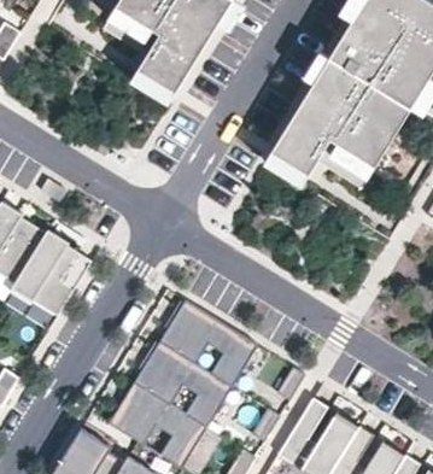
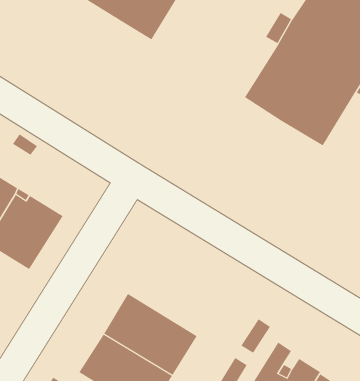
building: [129,57,182,105] -> none
building: [262,139,315,187] -> none
building: [157,302,254,386] -> none

